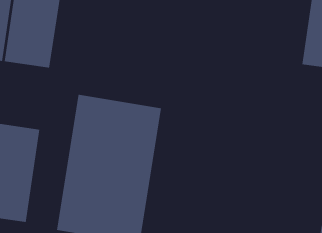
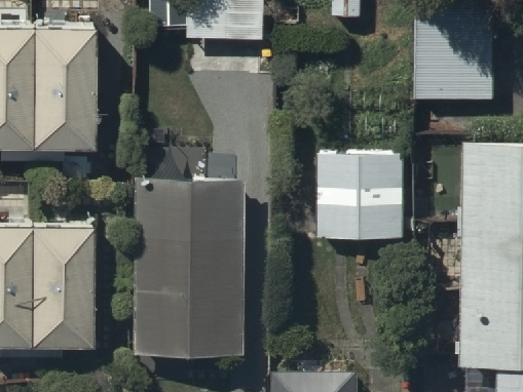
building: none -> [321,149,405,236]

